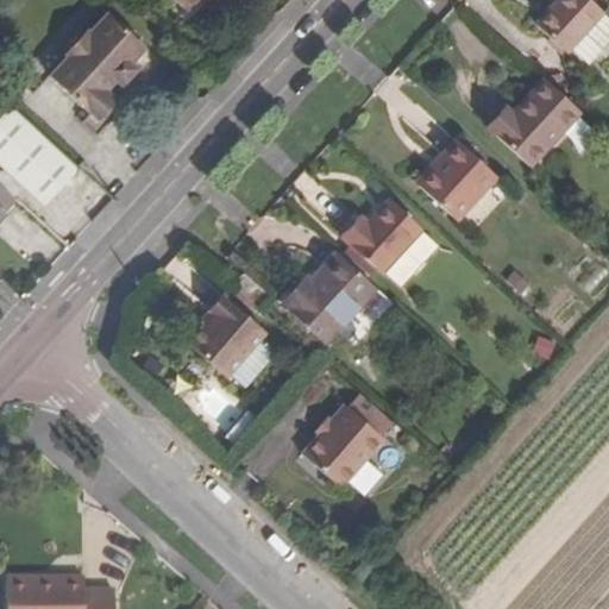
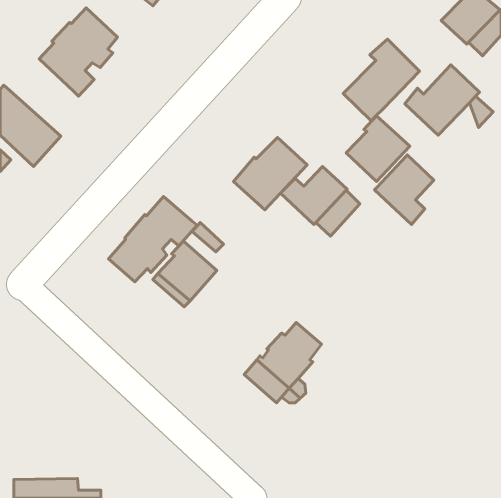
building: none -> [343,39,419,121]
building: none -> [375,155,434,224]
building: none -> [109,196,197,282]
building: [287,253,376,341] -> [234,137,307,210]

